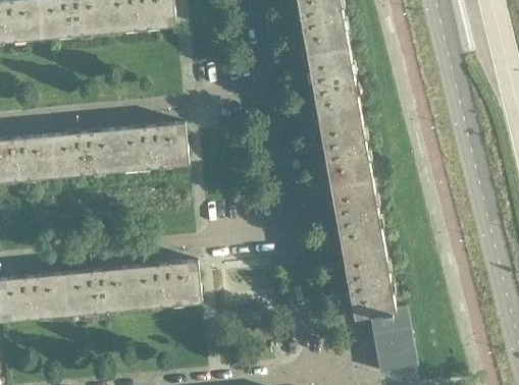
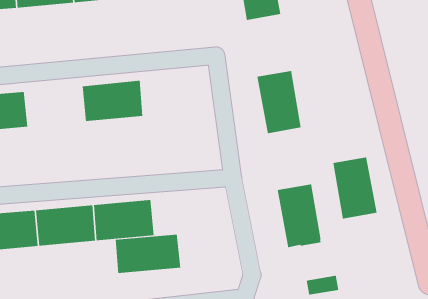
building: [307,48,360,120] -> none
building: [50,131,120,178] -> none
building: [331,179,383,252] -> [333,157,377,219]
building: none -> [115,234,181,274]
building: [370,309,412,356] -> none

